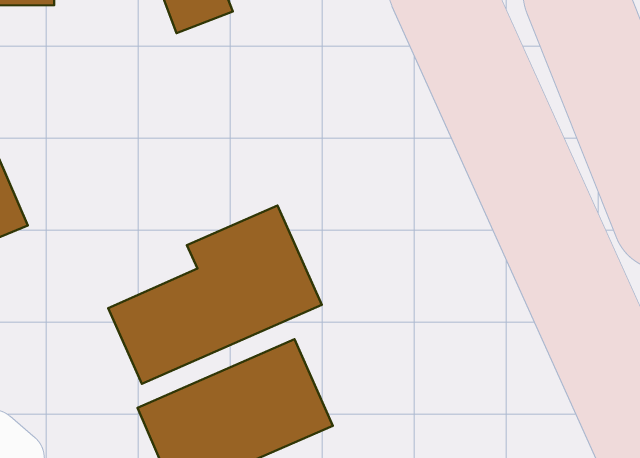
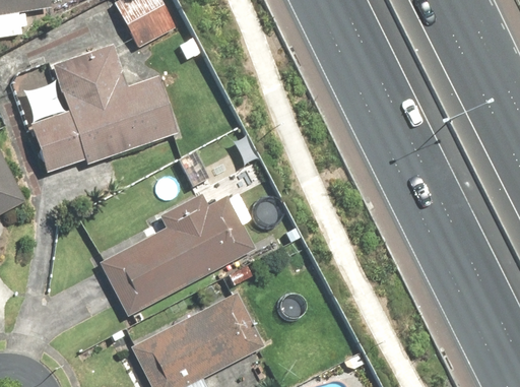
building: none -> [27,43,179,176]

